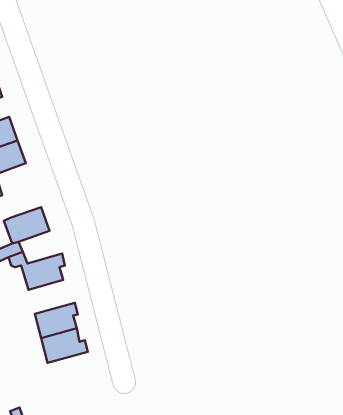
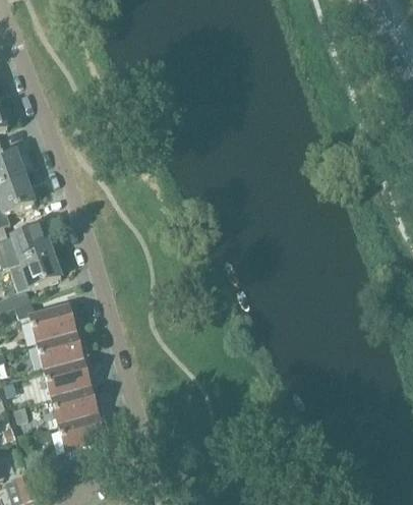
building: none -> [10,222,50,260]
building: none -> [36,329,87,367]
building: none -> [57,409,106,452]

